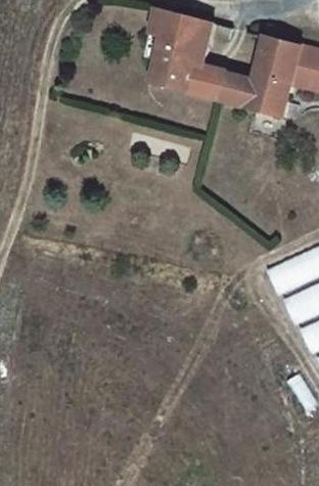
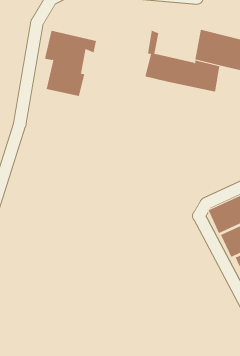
building: [147,17,213,100] -> [44,30,97,96]

